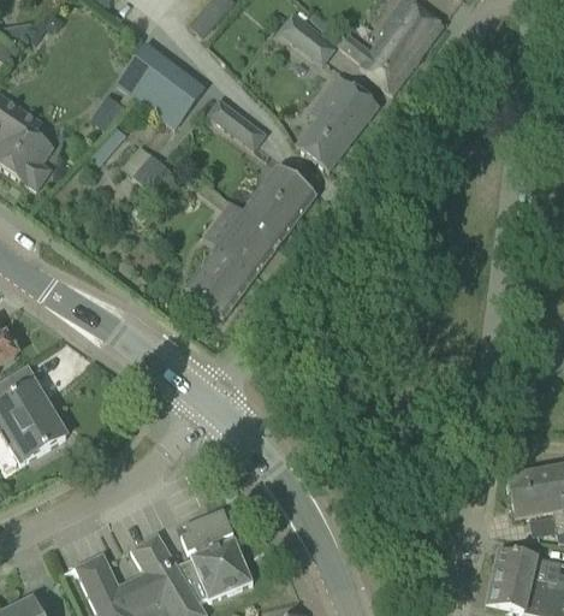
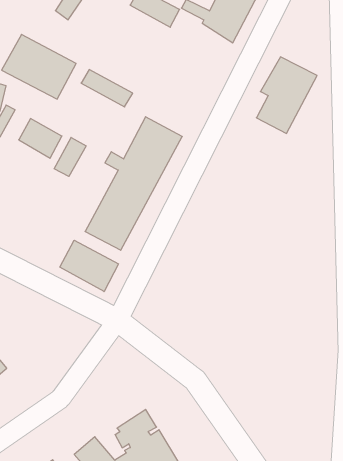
building: [298,75,378,166] -> [256,57,317,133]
building: none -> [54,137,86,176]
building: none -> [60,240,118,292]

